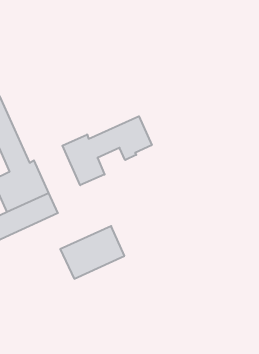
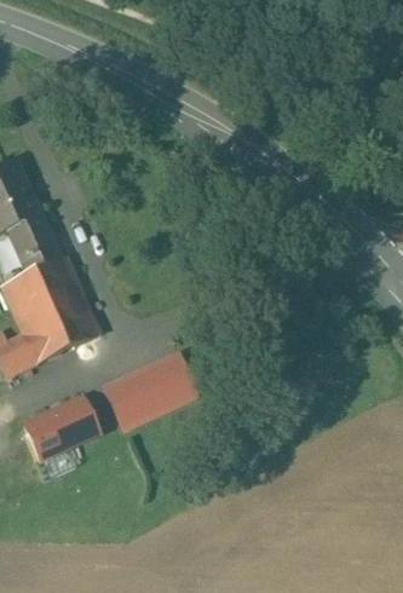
building: [62,116,152,185] -> none
building: none -> [23,395,98,459]

